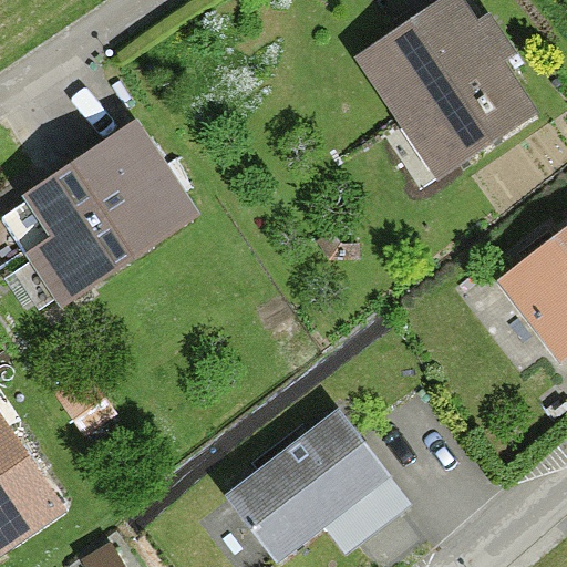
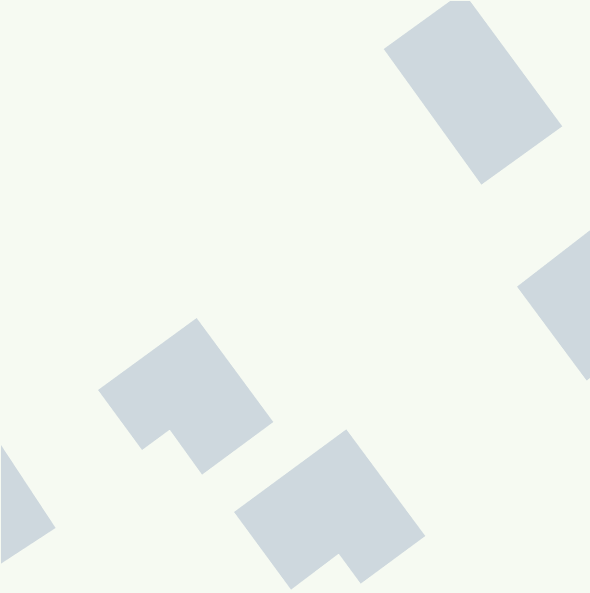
building: [19,114,200,310] -> none
building: none -> [97,317,274,476]

